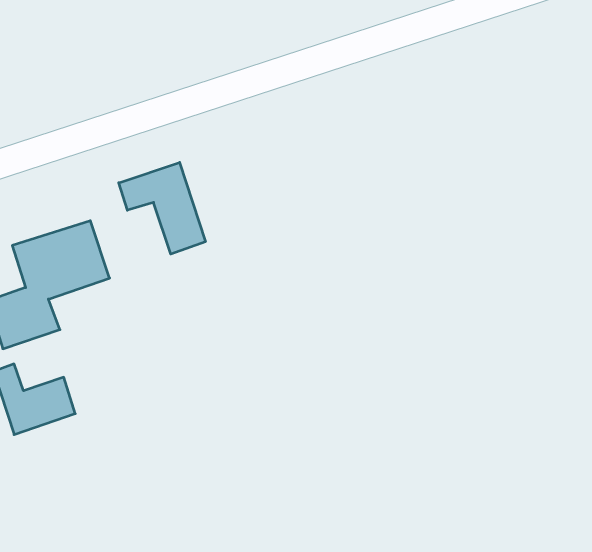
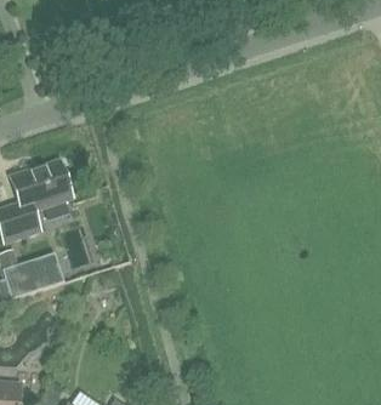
building: [119,162,205,254] -> none

